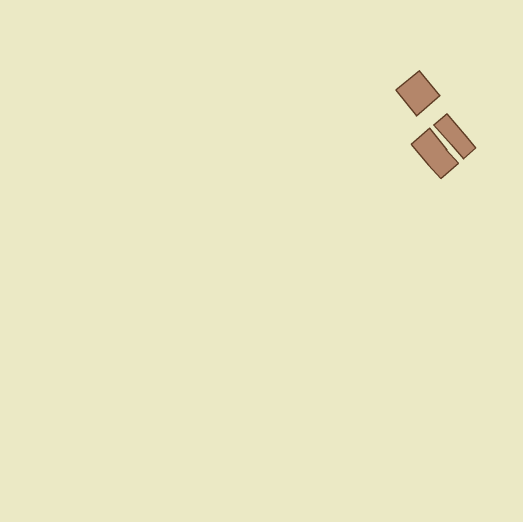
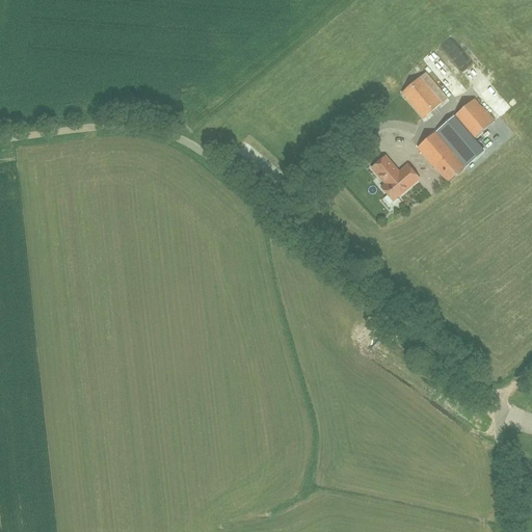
building: none -> [453,98,494,138]
building: none -> [371,155,419,201]

